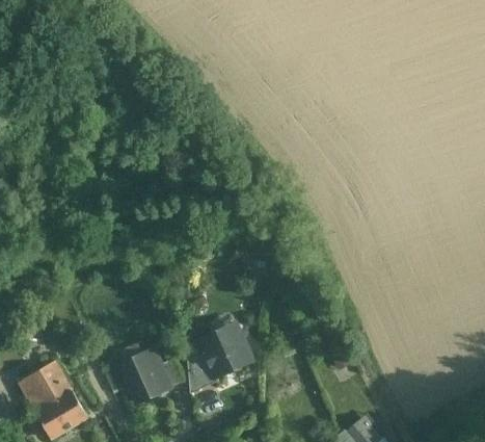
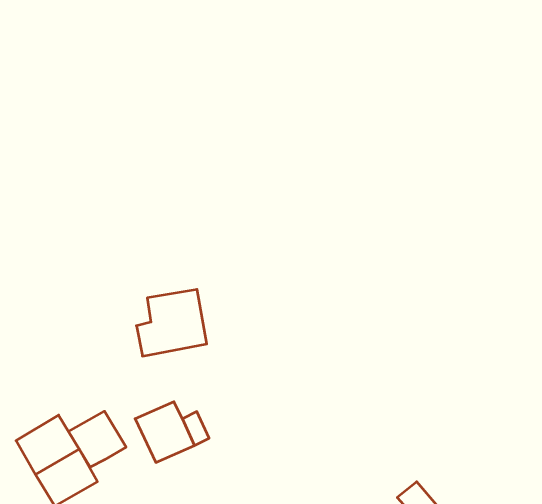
building: [187,327,247,384] -> [136,289,207,356]
building: none -> [69,411,126,467]

